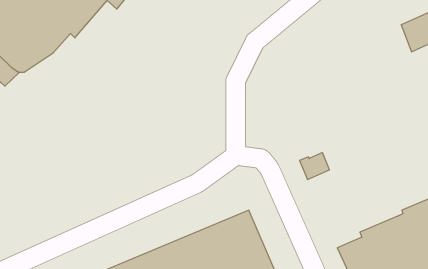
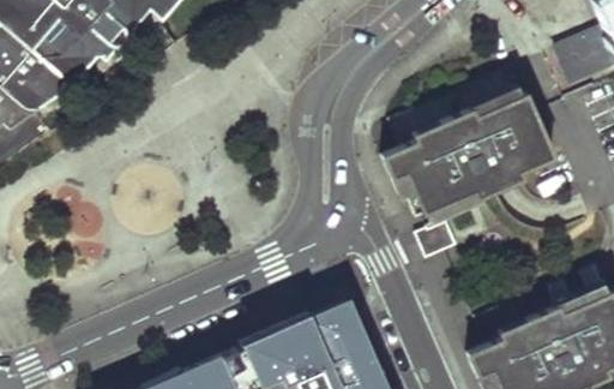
building: none -> [384,83,555,221]

